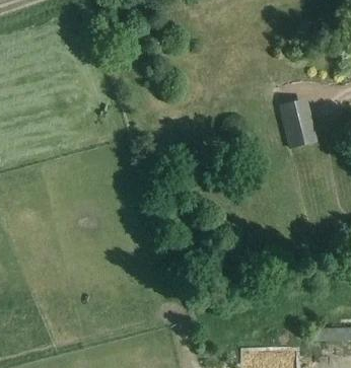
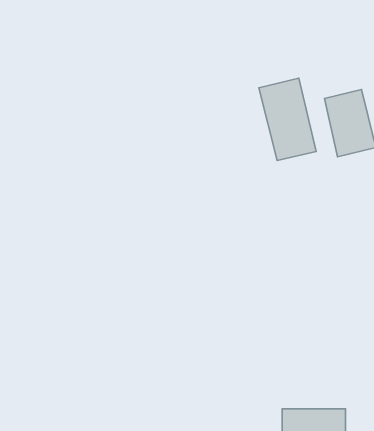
building: none -> [259,78,316,160]

